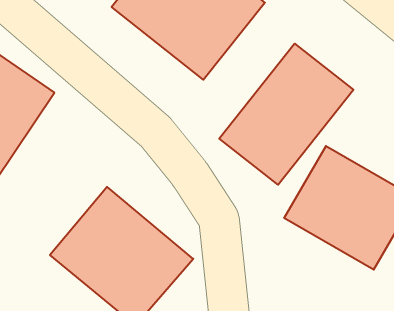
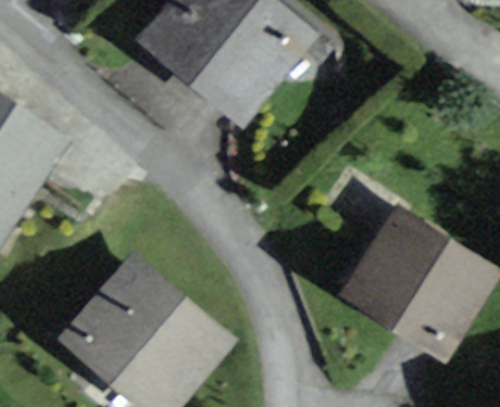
building: [219,44,353,185] -> none

